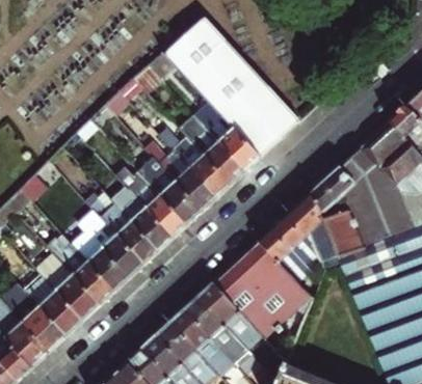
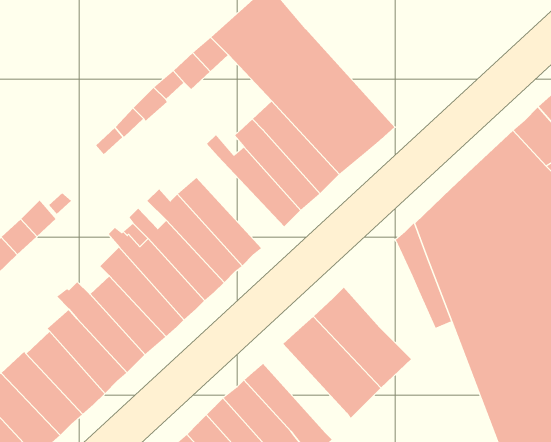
building: [140,140,215,211] -> none
building: [260,204,316,270] -> none
building: [200,282,262,349] -> none

